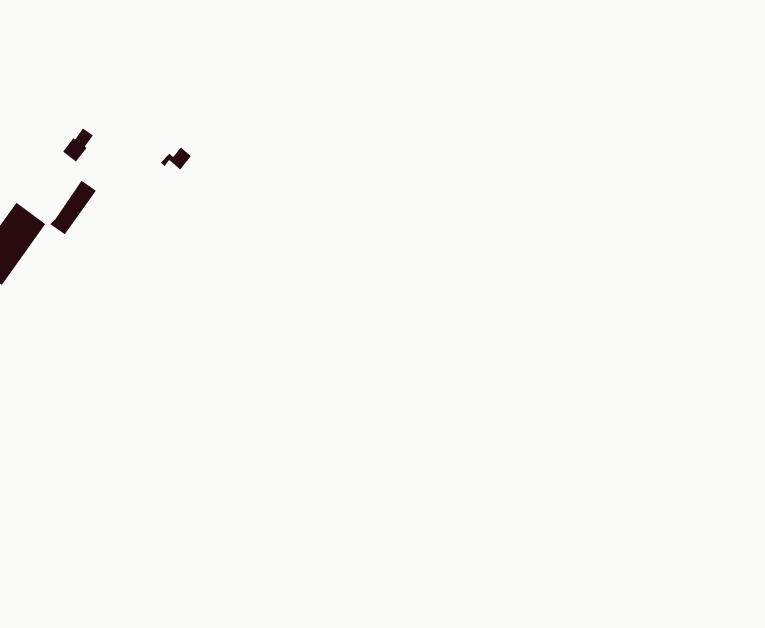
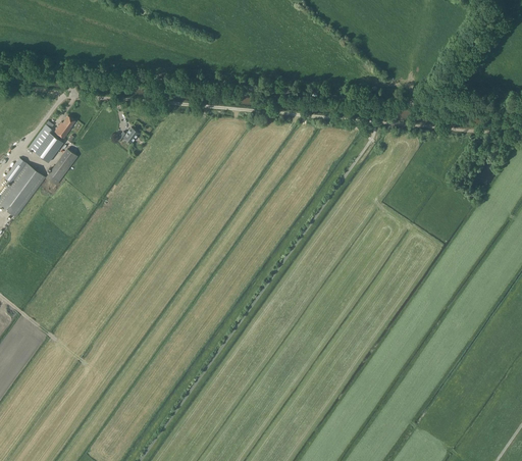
building: none -> [28,124,62,163]

